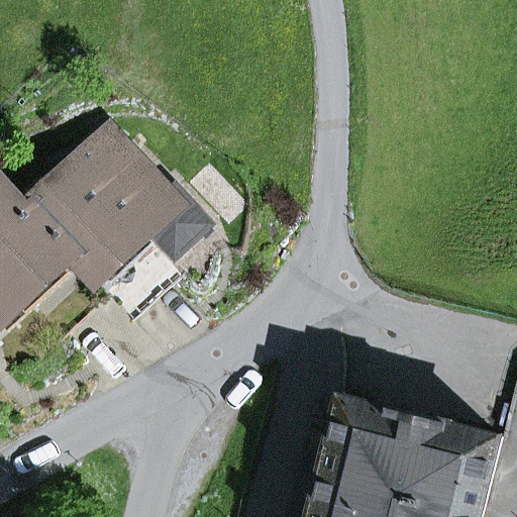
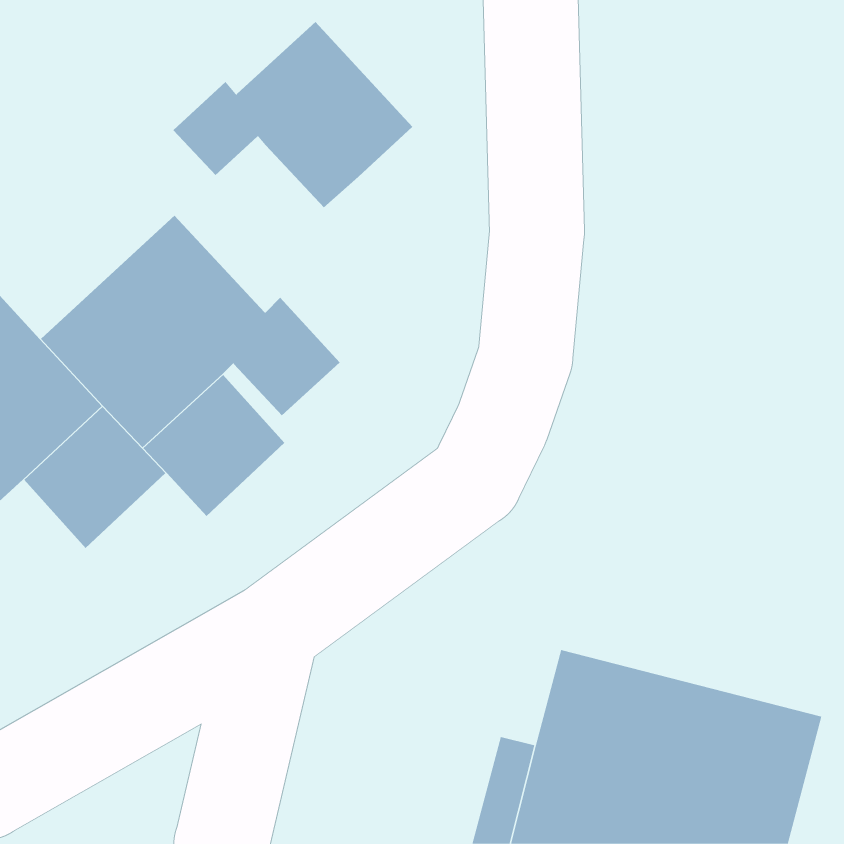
building: none -> [173,21,413,208]

